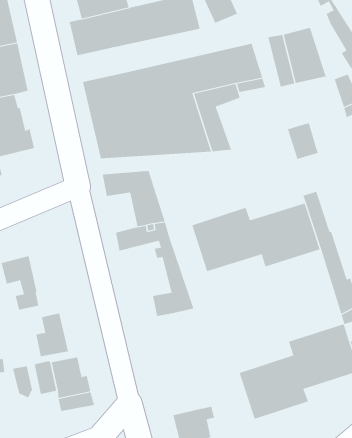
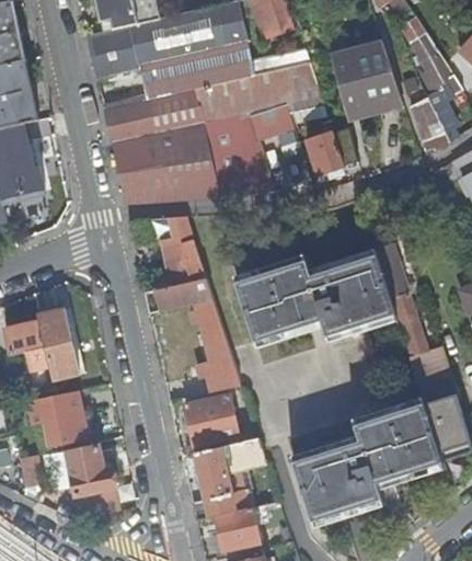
building: none -> [140,44,311,99]
building: [287,123,318,160] -> [306,130,344,175]
building: none -> [37,309,79,380]
building: none -> [183,390,238,448]
building: none -> [192,438,265,520]

